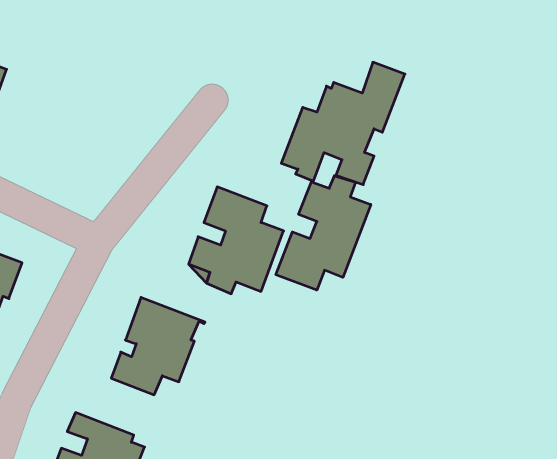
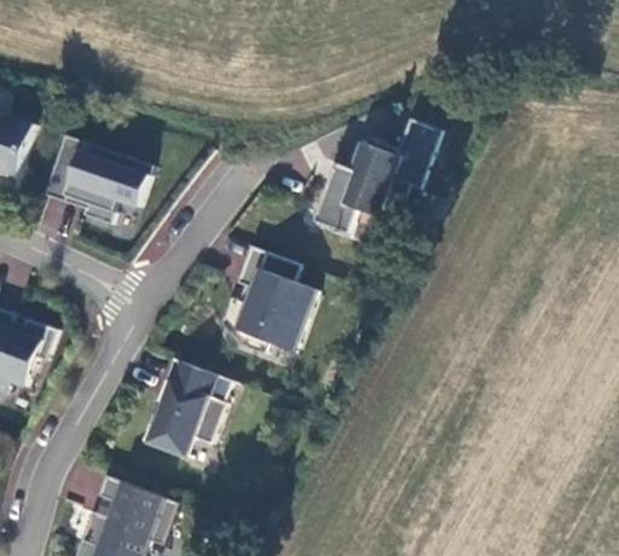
building: none -> [42,138,147,219]
building: [276,176,371,290] -> none

